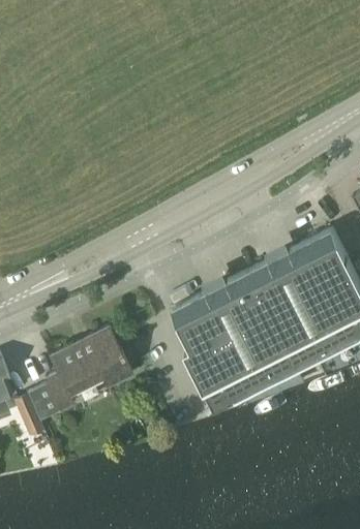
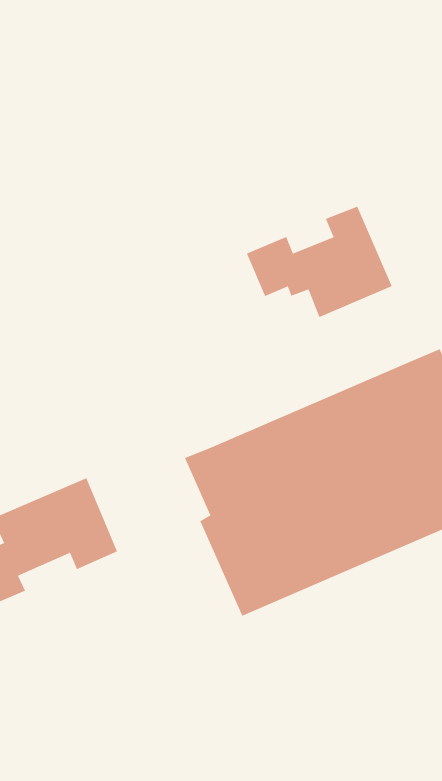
building: none -> [246,206,393,318]

